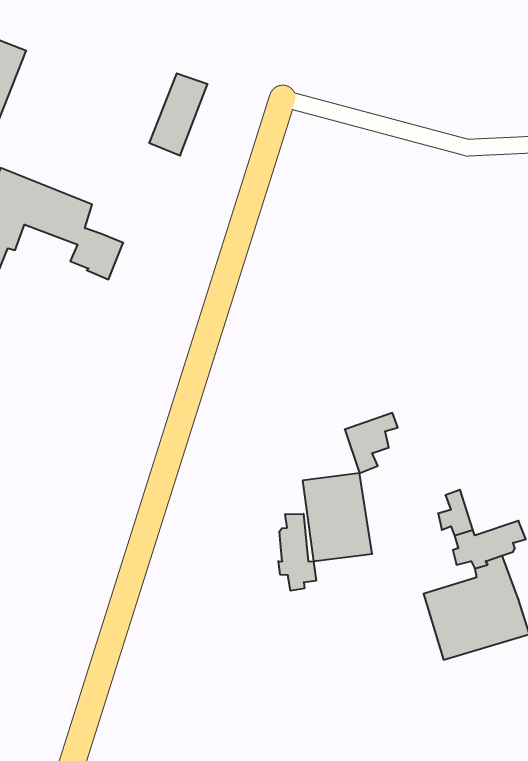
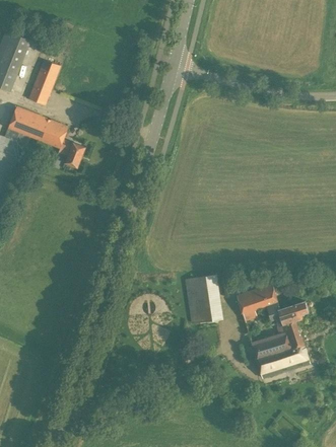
building: [149,73,208,156] -> [27,60,60,105]
building: [345,413,398,473] -> [237,287,266,320]
building: [278,514,316,591] -> none

